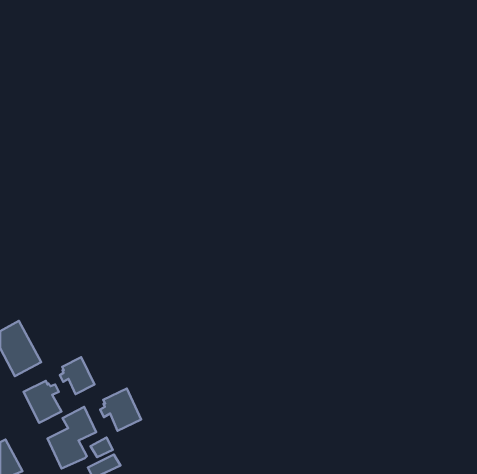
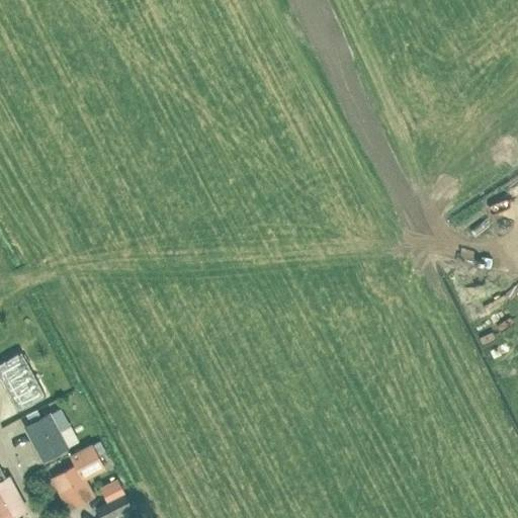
building: [60,357,95,394] -> none
building: [100,389,141,431] -> none

